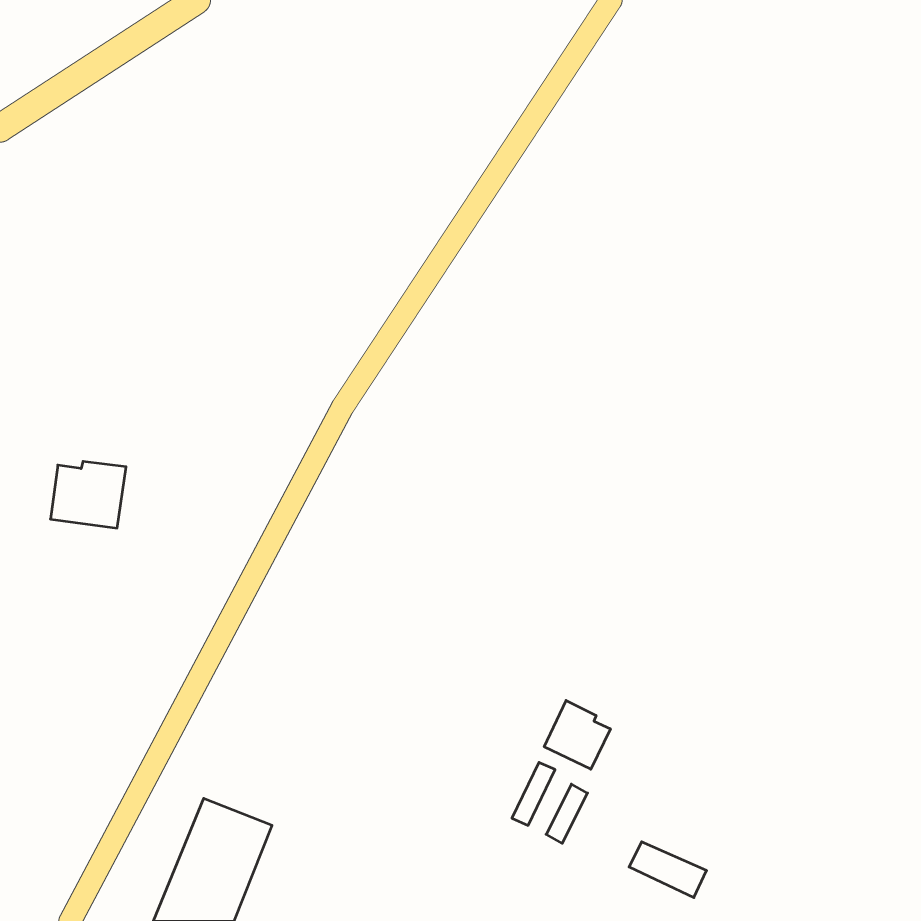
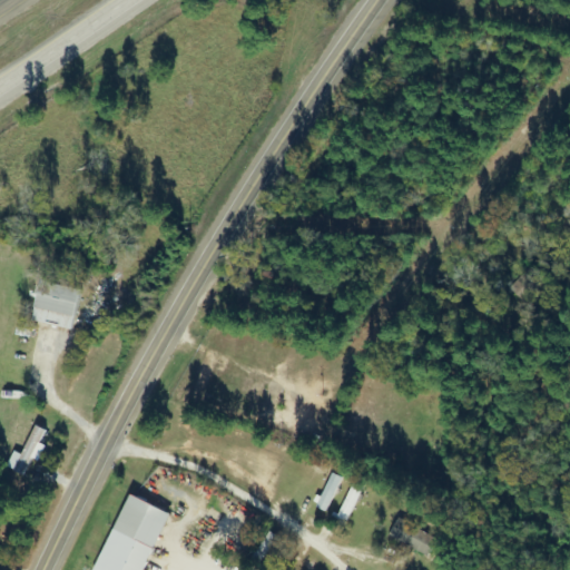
building: none -> [7,423,48,474]
building: [544,700,610,769] -> none

